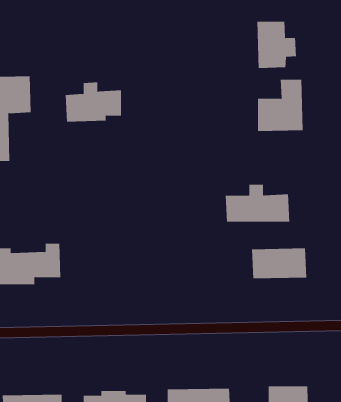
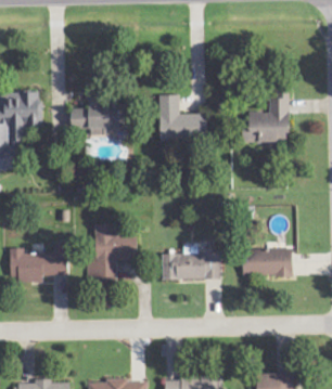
building: [257,21,297,69] -> none
building: none -> [159,94,206,139]
building: [225,184,290,222] -> [162,244,221,278]
building: none -> [88,224,137,283]

